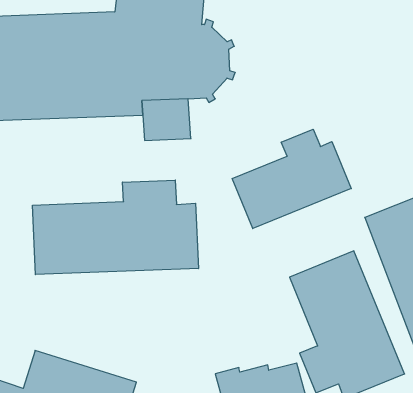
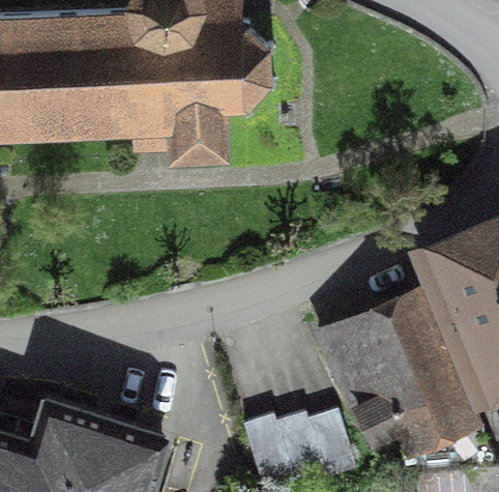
building: [232,129,351,229] -> none
building: [33,180,198,275] -> none

